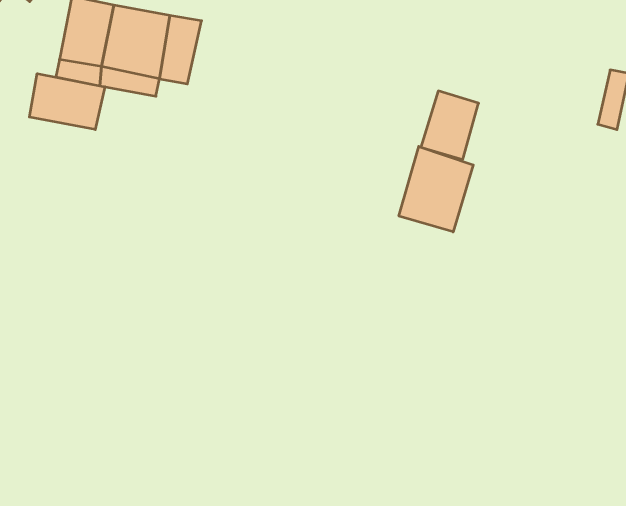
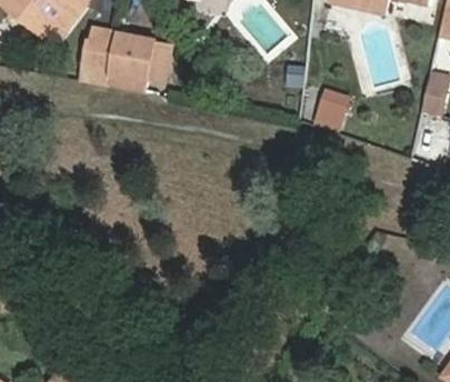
building: [29,74,105,130] -> none
building: [399,146,473,232] -> none

